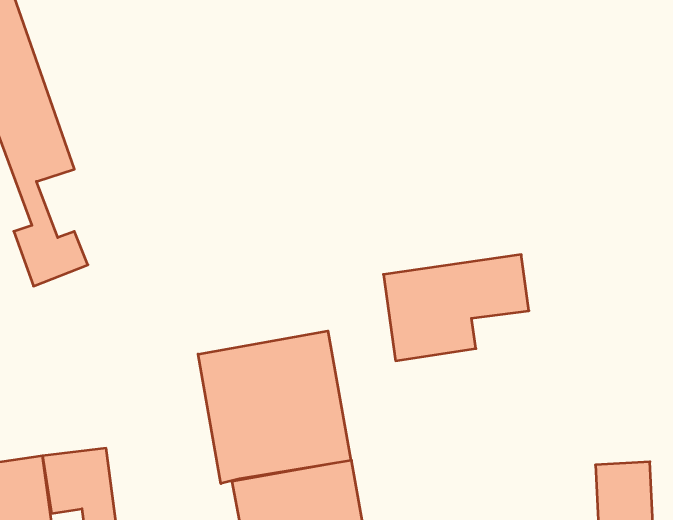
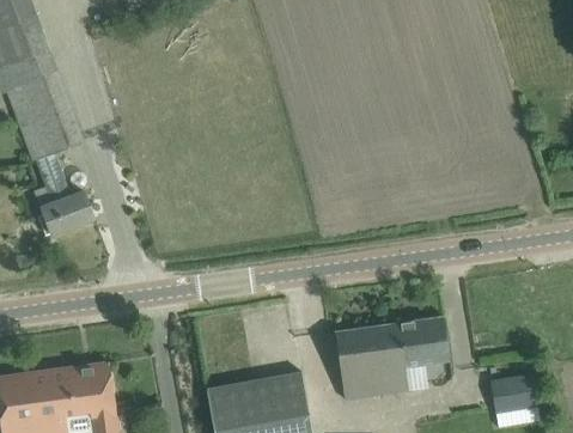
building: [383,255,529,361] -> [333,316,447,400]
building: [198,331,351,484] -> none

